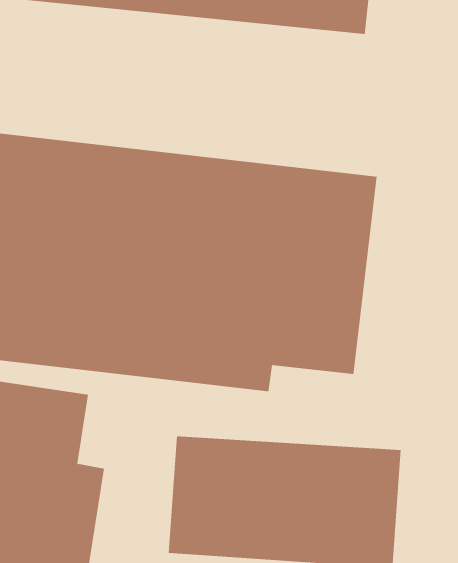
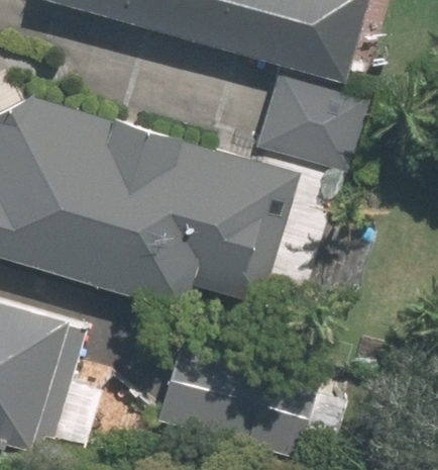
building: none -> [257,77,362,167]

